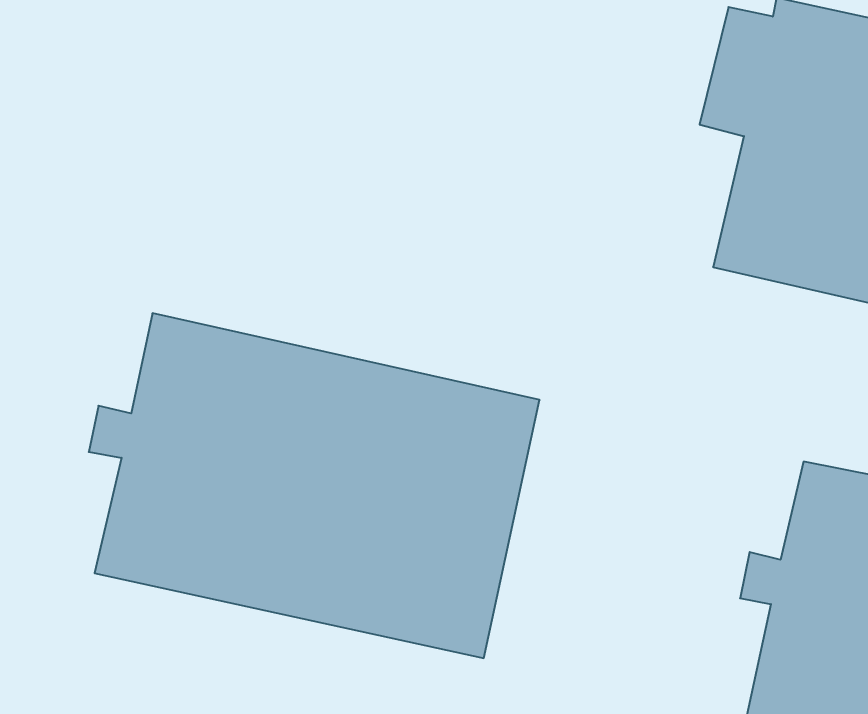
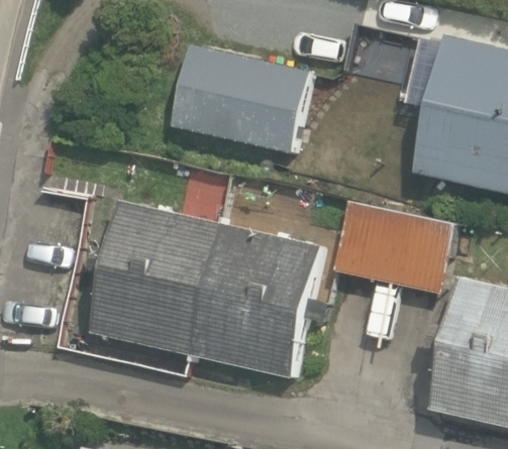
building: none -> [170,44,309,153]
building: none -> [335,200,455,293]

